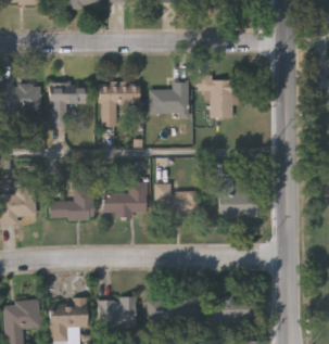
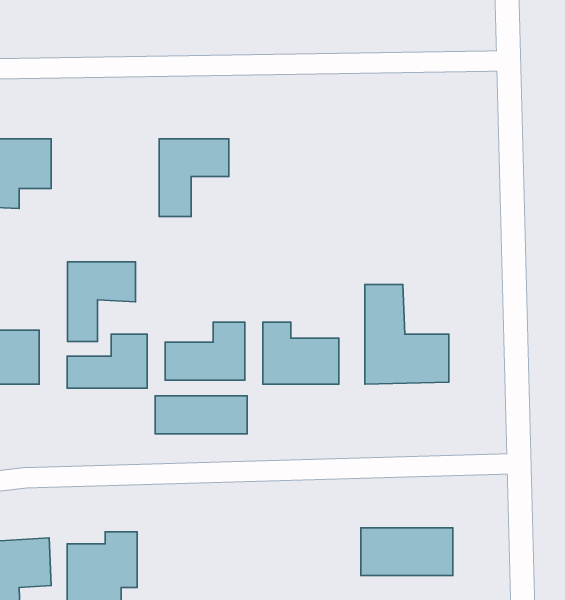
building: [199,74,235,116] -> none
building: [150,80,189,115] -> none
building: [51,82,88,126] -> [68,262,135,342]
building: [100,296,137,327] -> none
building: [148,297,198,318] -> [155,396,247,434]

